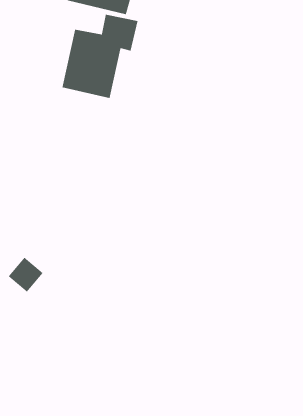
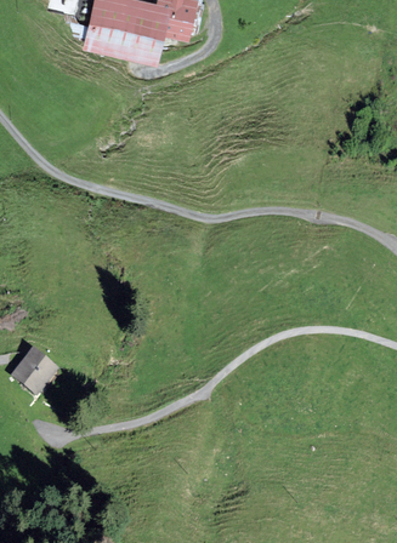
building: [62,14,138,99] -> none

